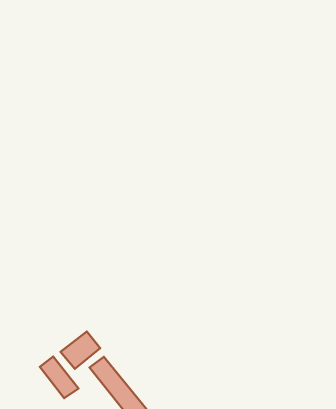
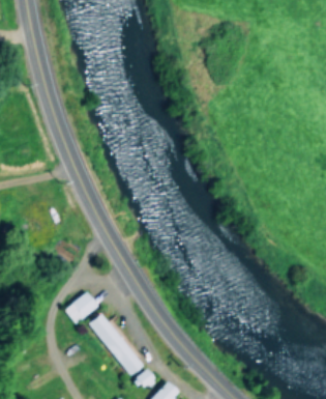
building: [40,356,78,398] -> none

